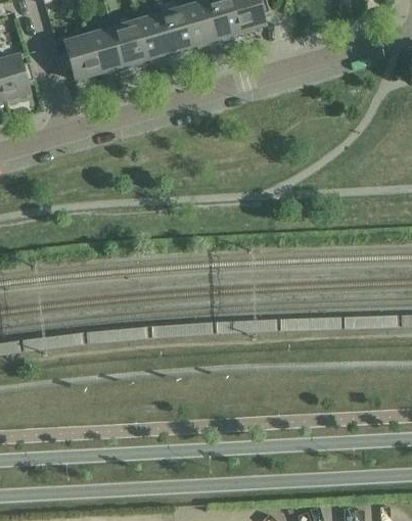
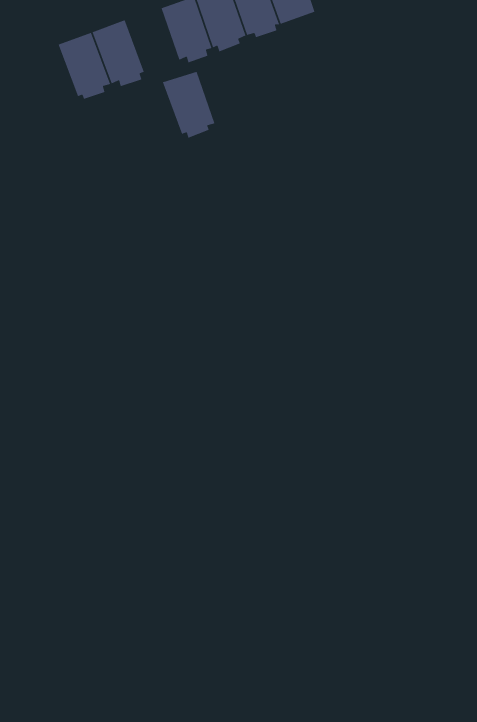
building: [135,13,170,59] -> [162,71,215,139]
building: [58,34,99,77] -> none

